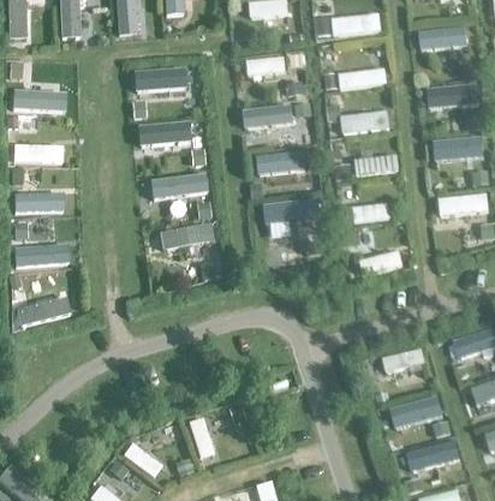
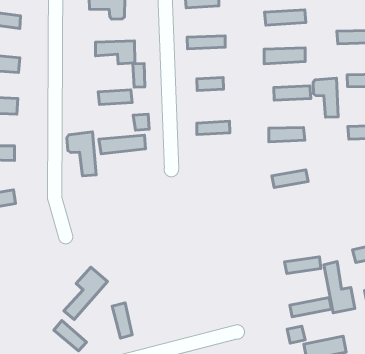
building: none -> [313,78,338,117]
building: none -> [67,132,96,176]
building: none -> [324,262,355,313]
building: none -> [64,267,108,319]

